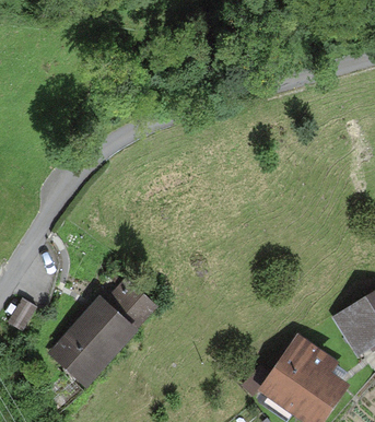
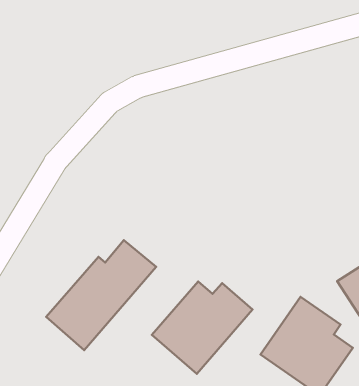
building: none -> [152,282,253,374]

